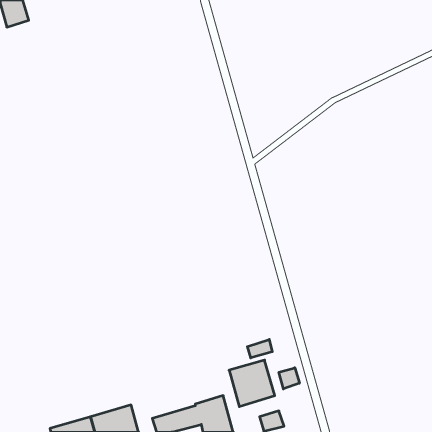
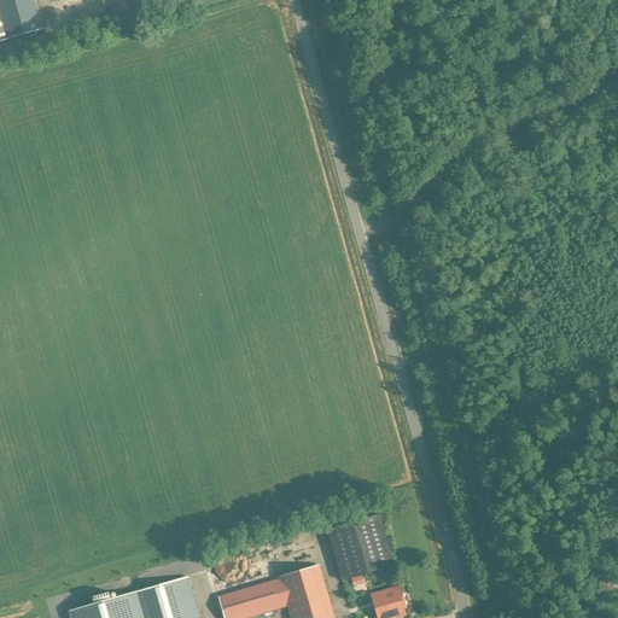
building: [247,339,272,358] -> none
building: [279,368,299,389] -> none

